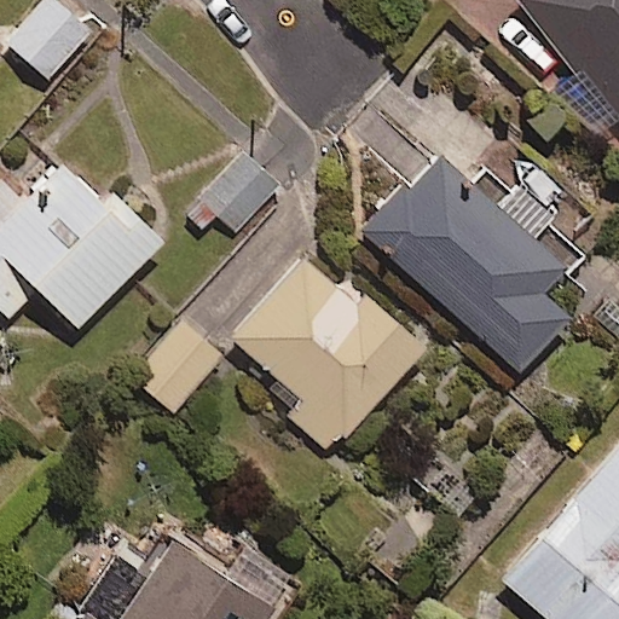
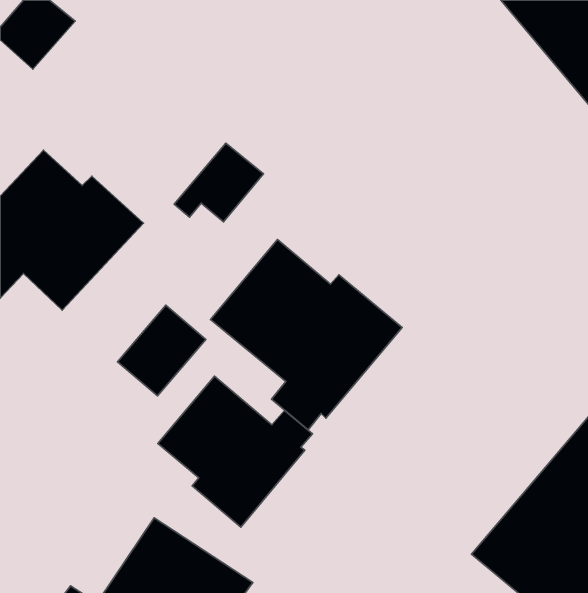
building: [358,154,569,371] -> none
building: none -> [158,376,313,527]

